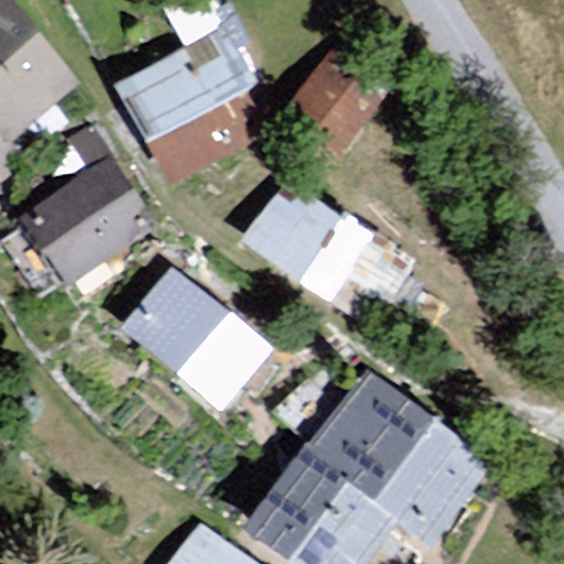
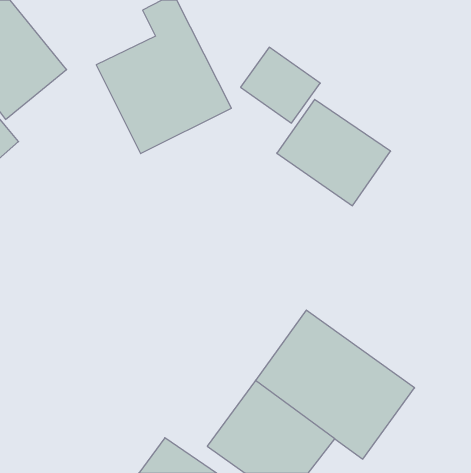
building: [17,155,155,286] -> none
building: [239,176,375,303] -> [277,99,391,206]
building: [118,267,272,412] -> none

